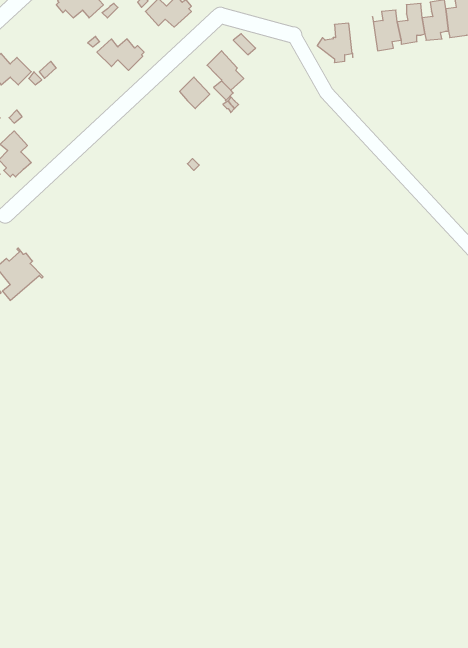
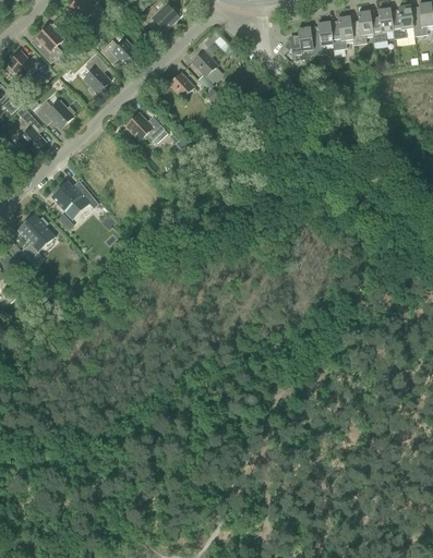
building: none -> [310,21,334,54]
building: none -> [36,23,63,62]
building: none -> [84,54,110,94]
building: none -> [35,101,74,128]
building: none -> [125,112,168,143]
building: none -> [50,180,98,217]

